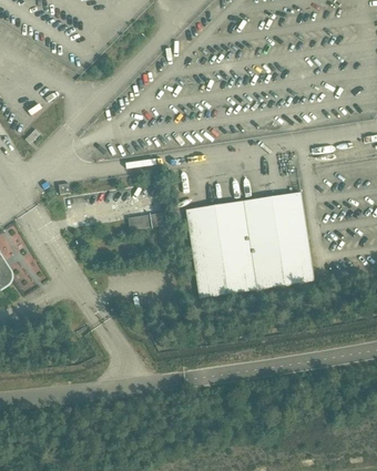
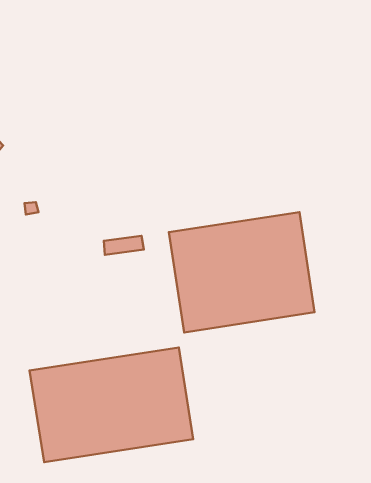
building: none -> [30,347,193,462]

